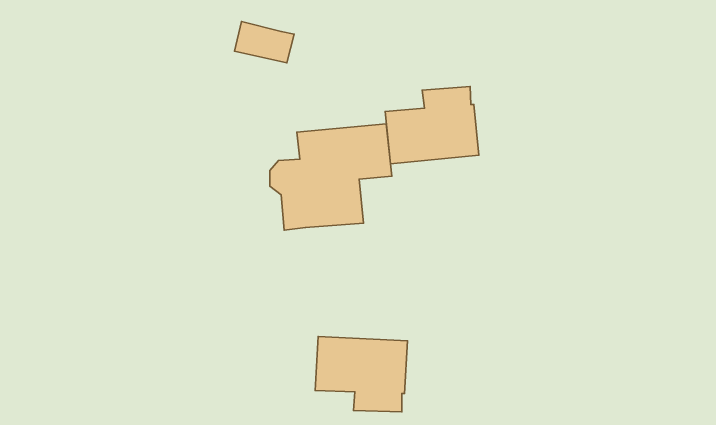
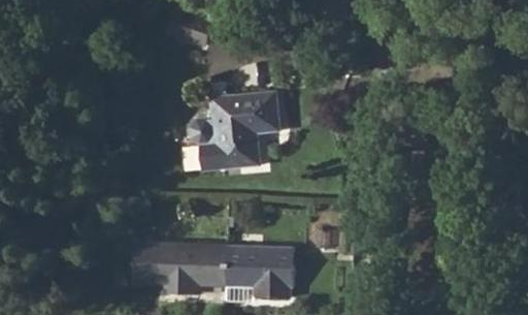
building: [385,87,479,164] -> none
building: none -> [129,243,232,296]

